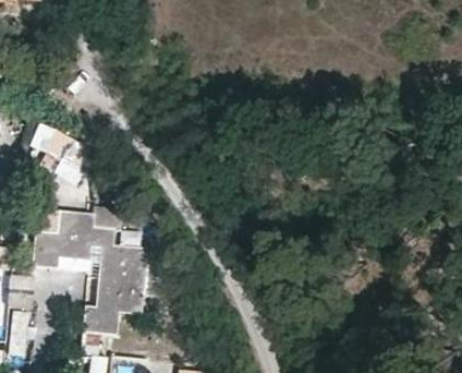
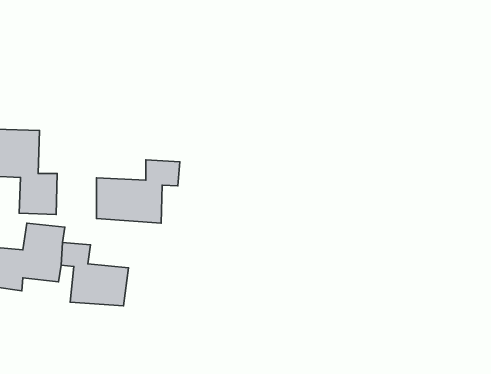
building: none -> [97,160,180,223]
building: [82,278,143,335] -> none

